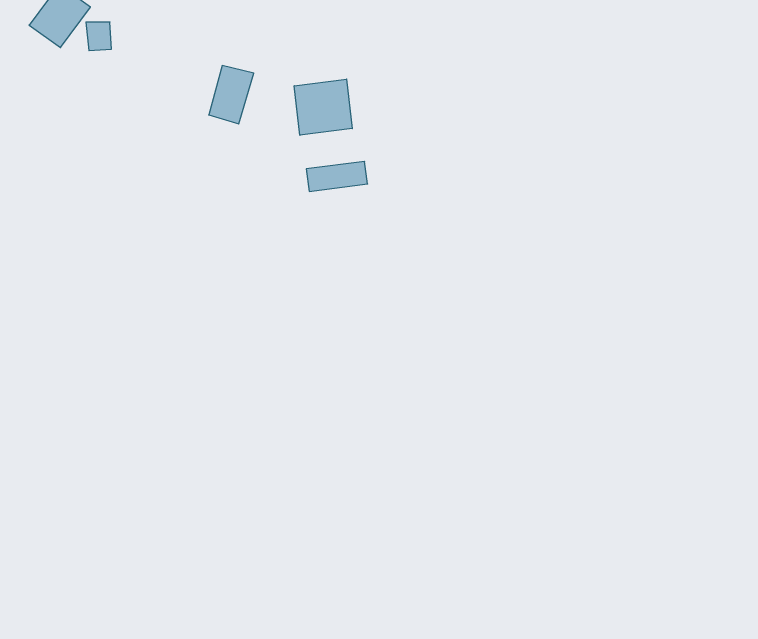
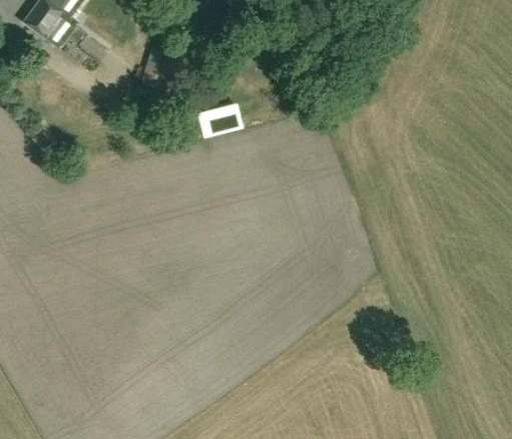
building: [294,79,352,135] -> none

